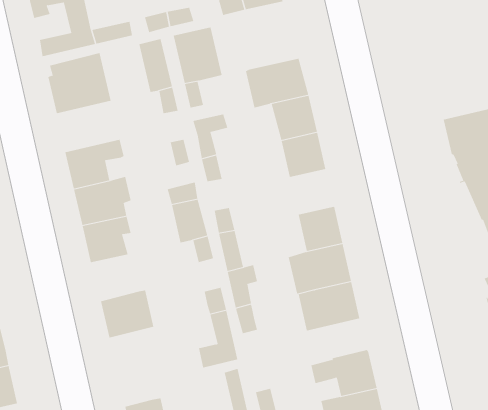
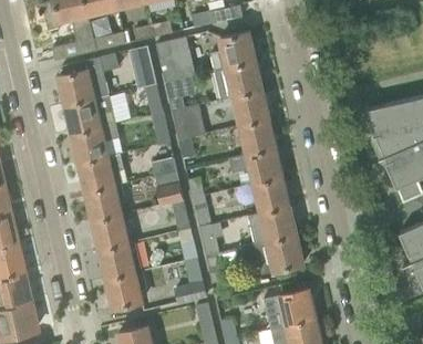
building: none -> [210,32,255,71]
building: none -> [65,95,115,135]
building: none -> [228,148,282,184]
building: none -> [92,215,128,251]
building: none -> [106,271,147,310]

